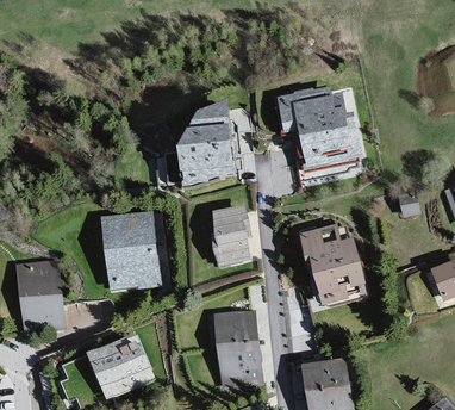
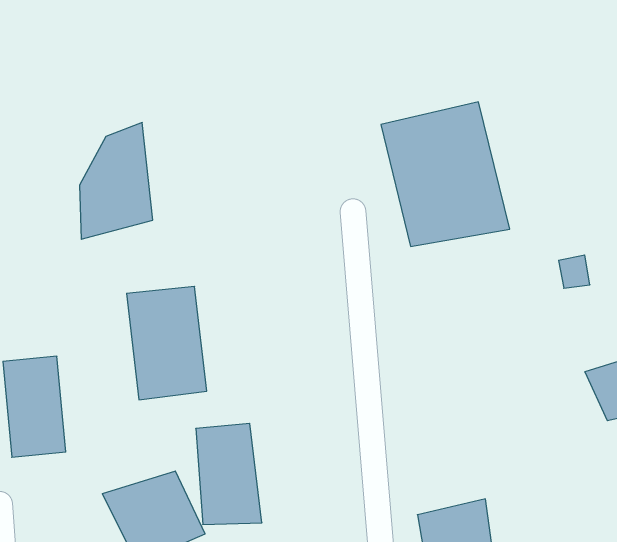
building: [183,102,233,182] -> [80,123,153,239]
building: [214,206,256,268] -> none
building: [301,223,364,300] -> none
building: [217,311,262,380] -> [196,423,262,524]

